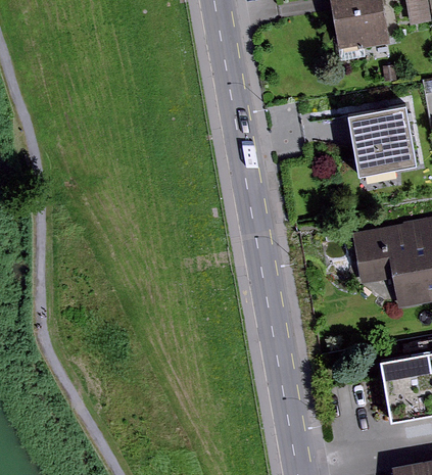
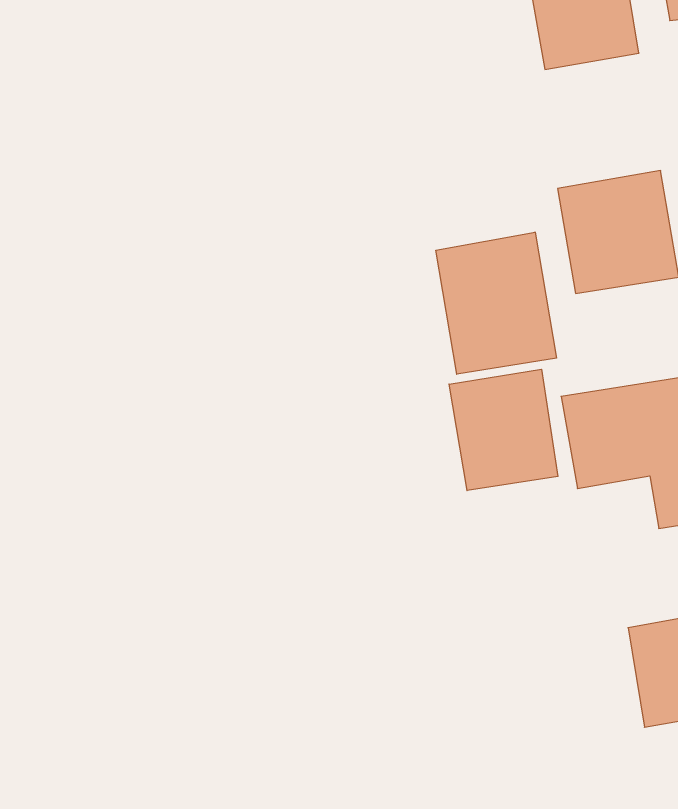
building: none -> [436,232,556,374]
building: none -> [449,369,558,491]

